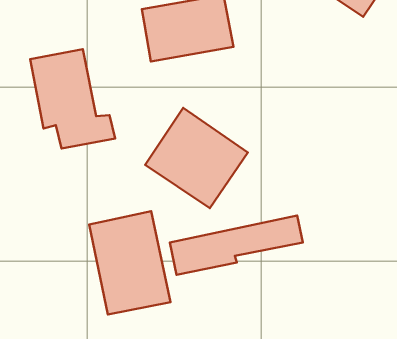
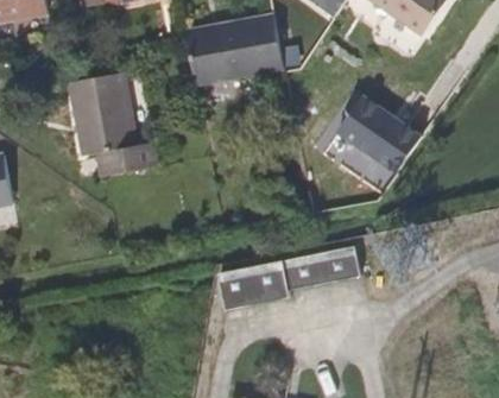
building: [145,108,248,208] -> [315,86,424,192]
building: [89,211,171,315] -> none

